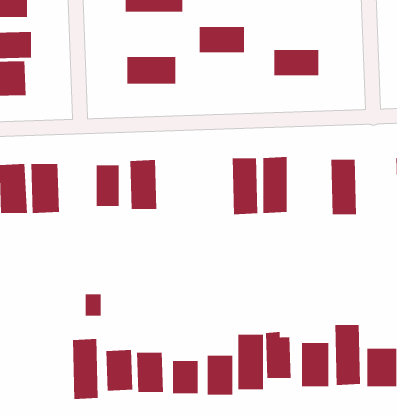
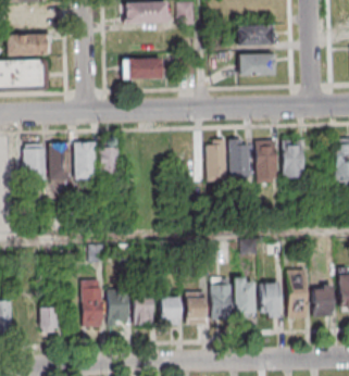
building: [199,27,245,53] -> [237,24,273,45]
building: none -> [258,139,278,184]
building: [129,160,157,210] -> [75,140,97,179]
building: none -> [40,305,58,329]

